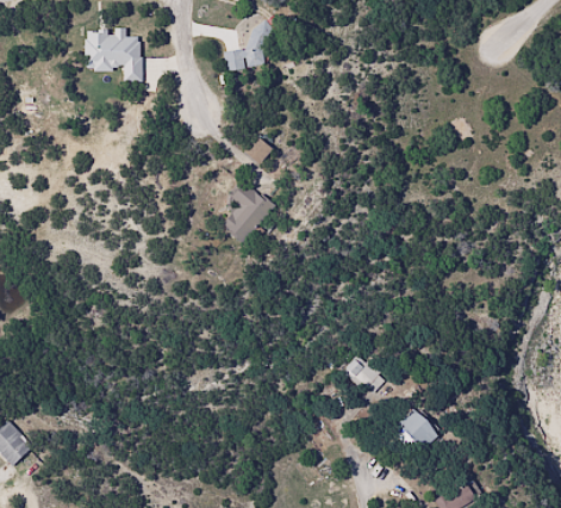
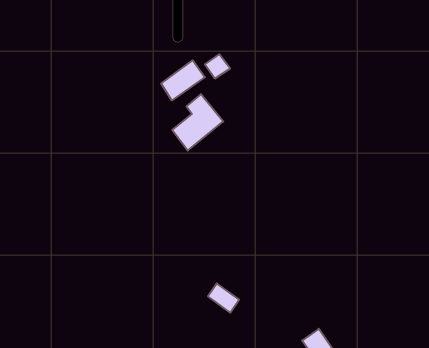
building: none -> [161,60,205,100]
building: [344,358,378,386] -> [208,283,239,313]

